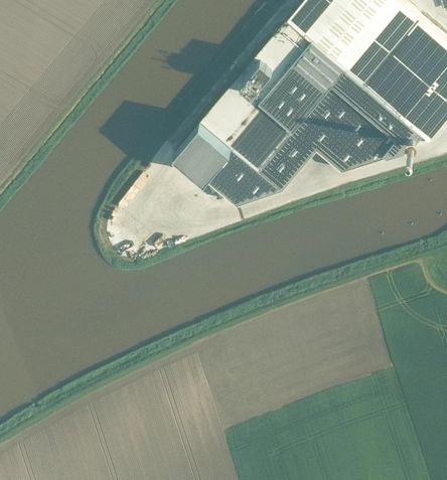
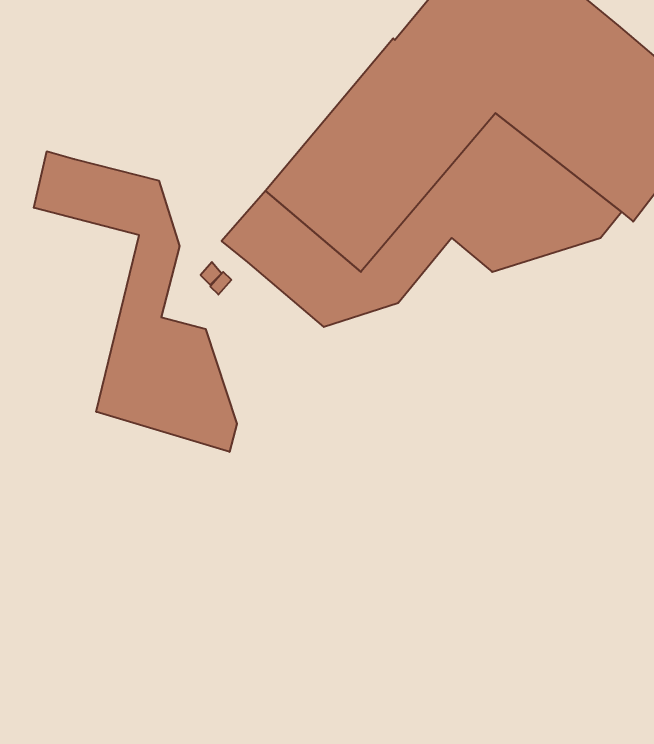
building: none -> [34,151,237,452]

